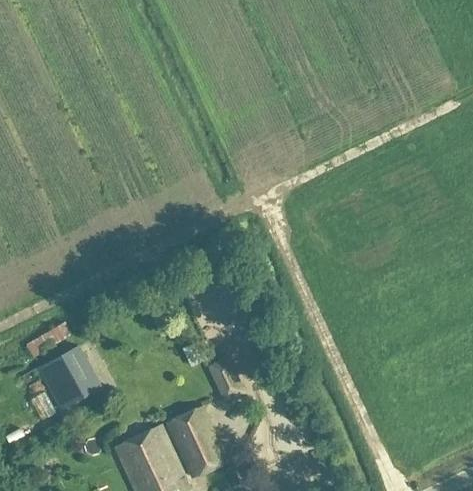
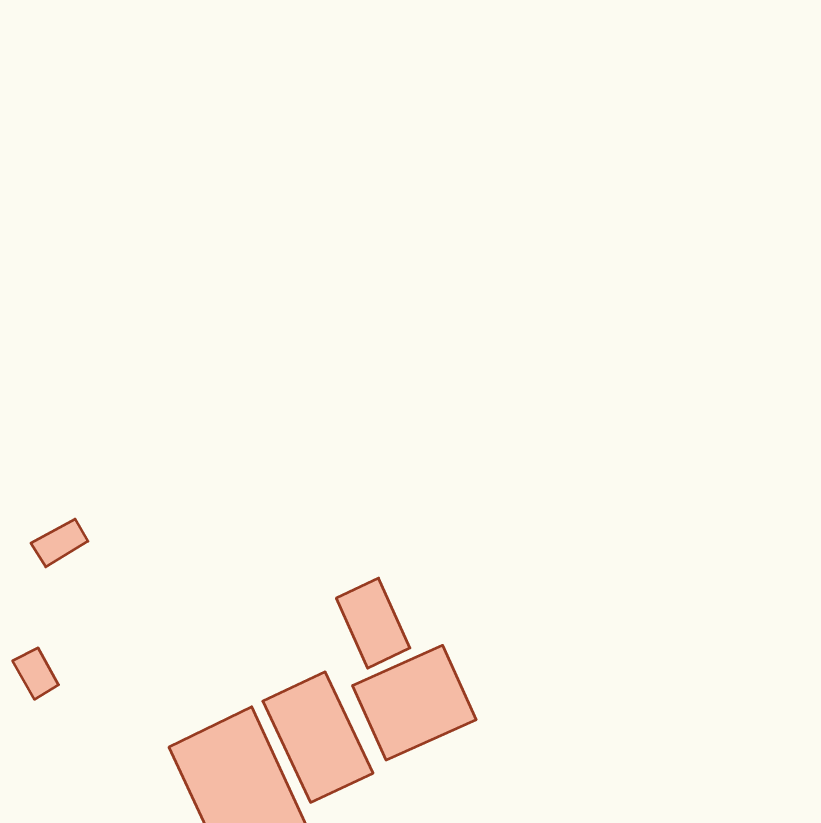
building: [37,345,101,411] -> none
building: none -> [353,645,476,760]

